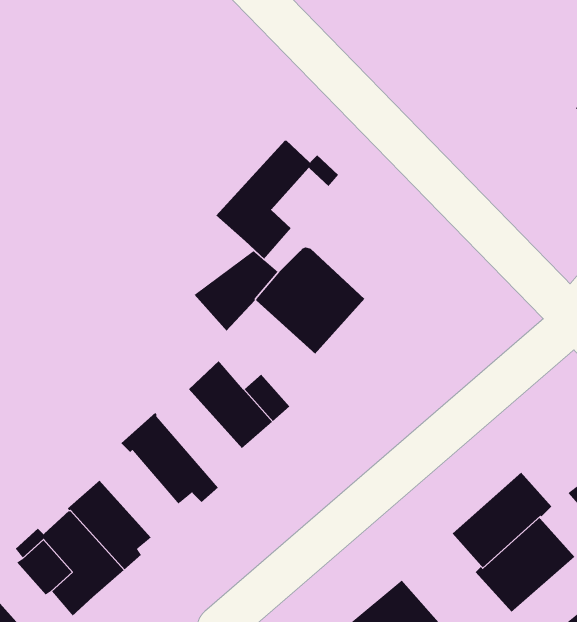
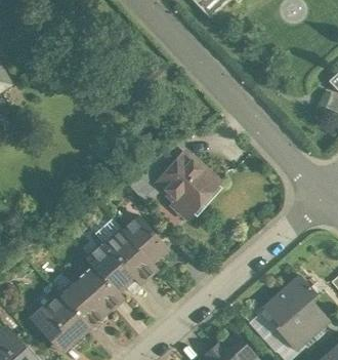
building: [215,140,339,260] -> none
building: none -> [104,232,150,284]
building: none -> [74,265,119,311]

